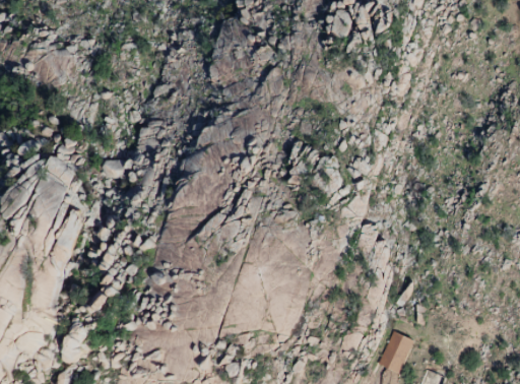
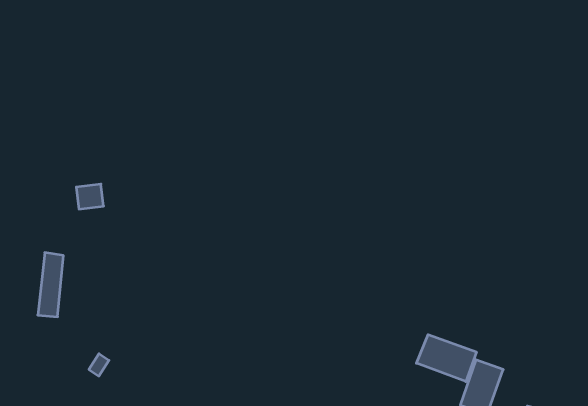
building: none -> [416,335,476,382]

